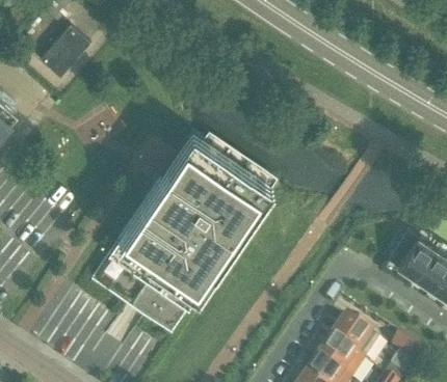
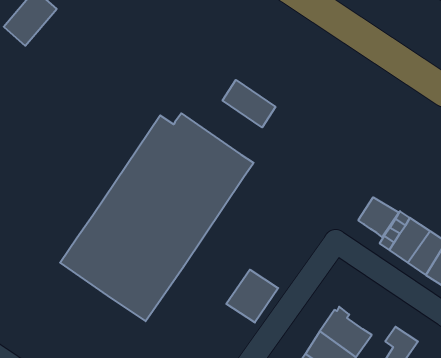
building: none -> [223,80,275,127]
building: none -> [359,197,399,237]
building: none -> [226,270,278,323]

